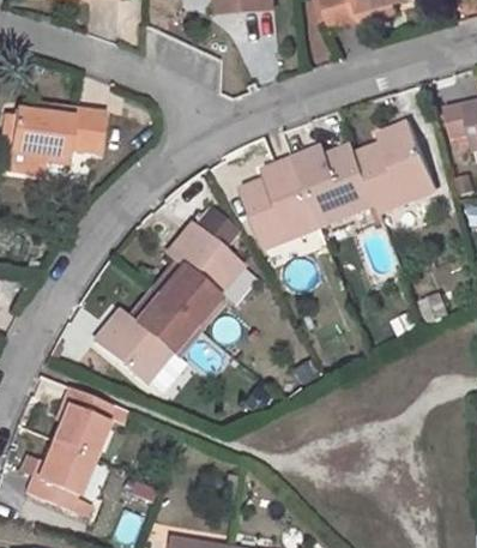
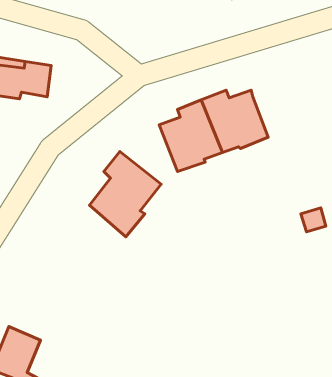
building: [357,121,435,212] -> none
building: [93,288,198,383] -> none
building: [52,385,126,457] -> none

